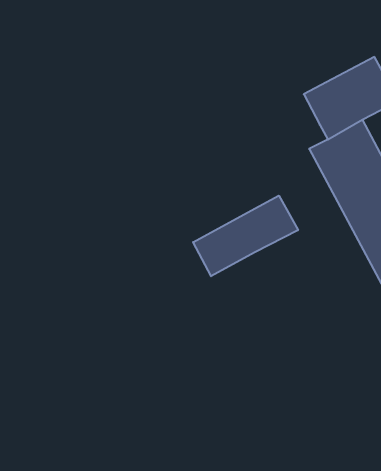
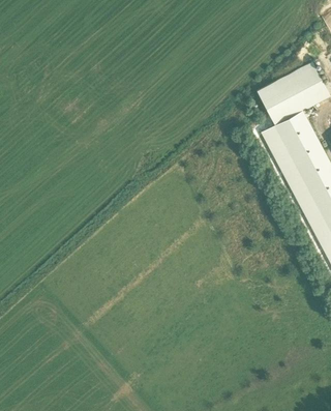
building: [193,196,298,276] -> none

